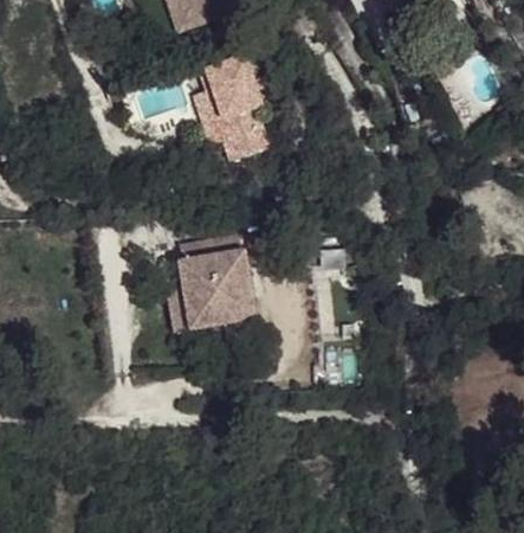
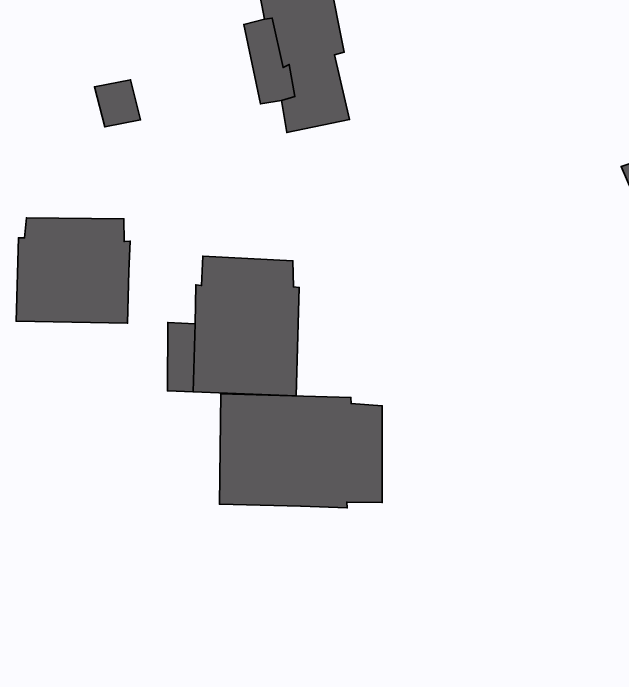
building: none -> [16,218,130,323]
building: none -> [219,394,382,508]

